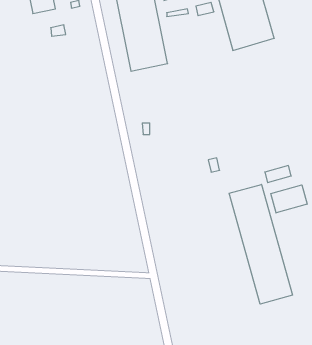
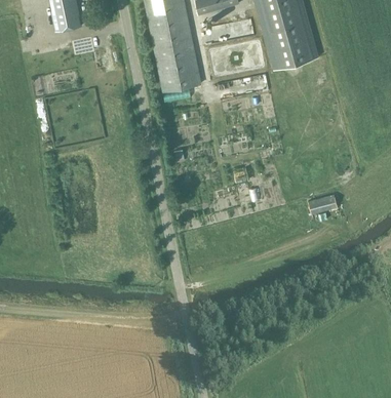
building: [229,184,292,304] -> none
building: [271,185,307,213] -> none

